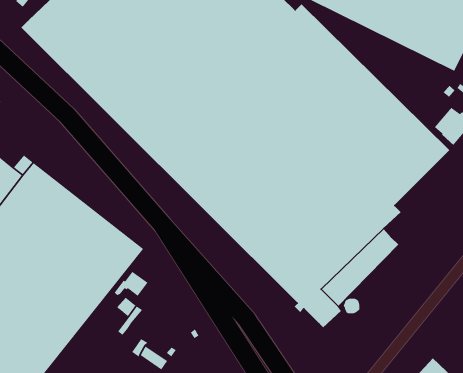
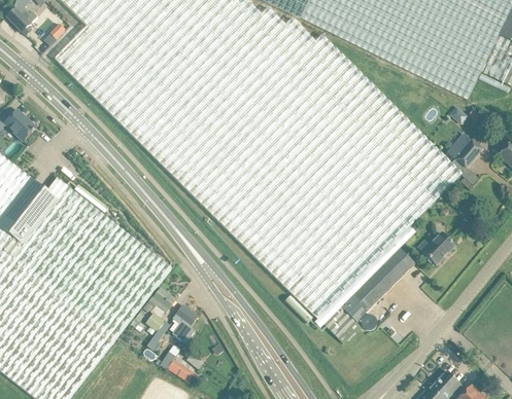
building: none -> [418,231,455,263]
building: none -> [172,303,198,342]

